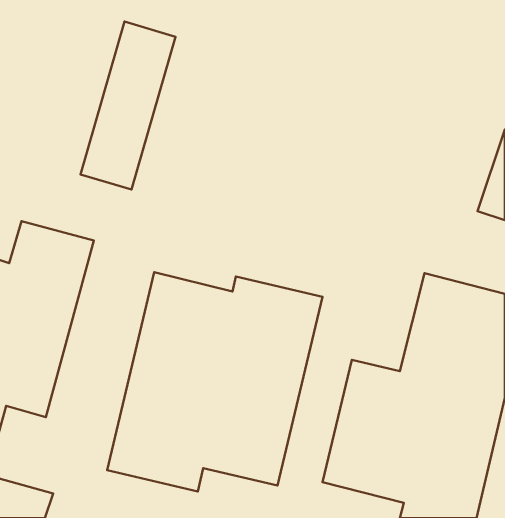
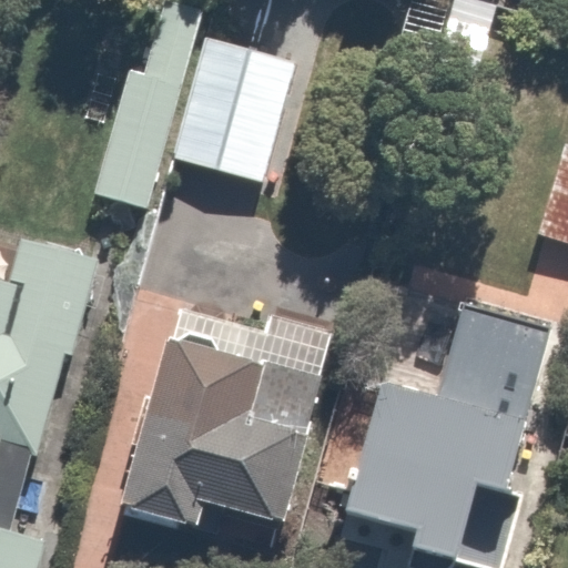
building: none -> [178,39,293,181]

